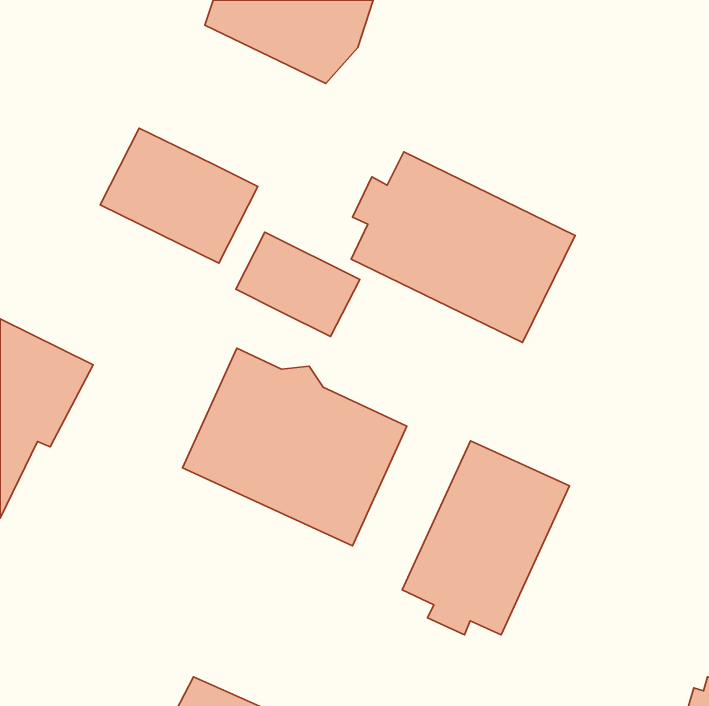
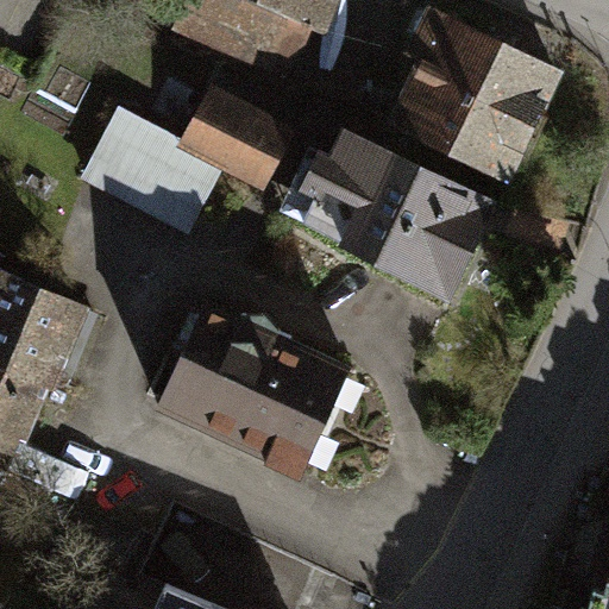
building: none -> [396,15,559,180]
building: [236,232,360,337] -> [184,96,290,186]
building: [402,441,569,635] -> none

